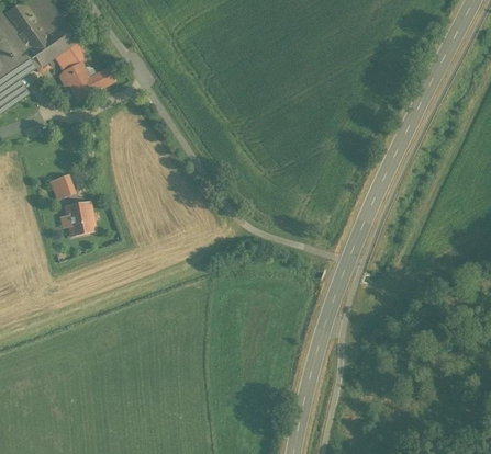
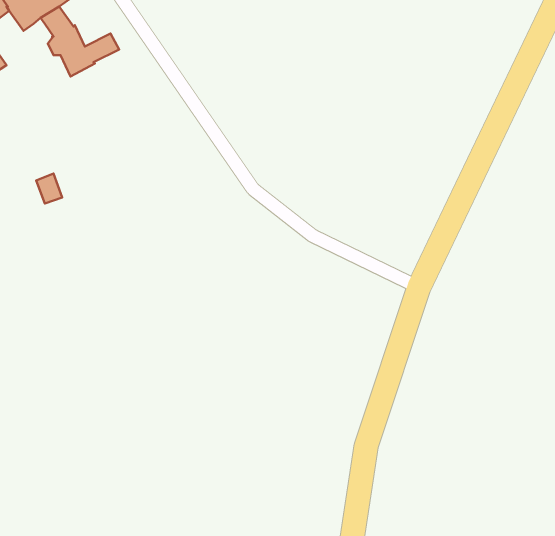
building: [64,200,93,235] -> none

